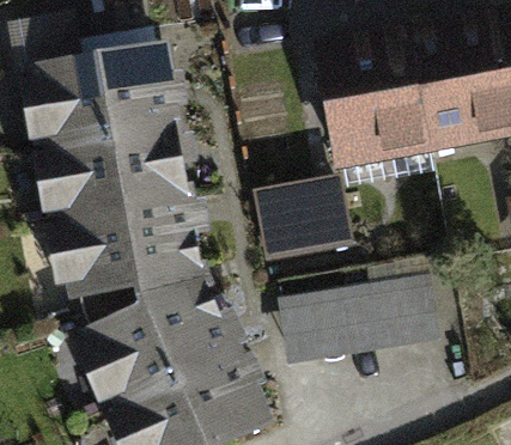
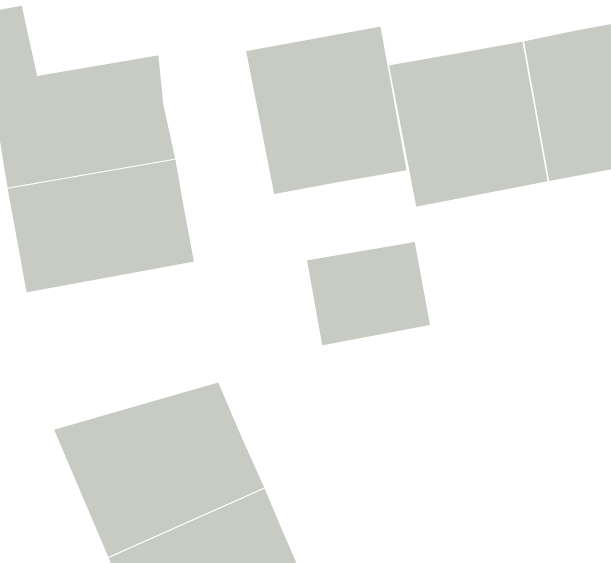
building: none -> [246,26,407,195]
building: [65,197,200,315] -> none
building: [276,276,442,367] -> none

